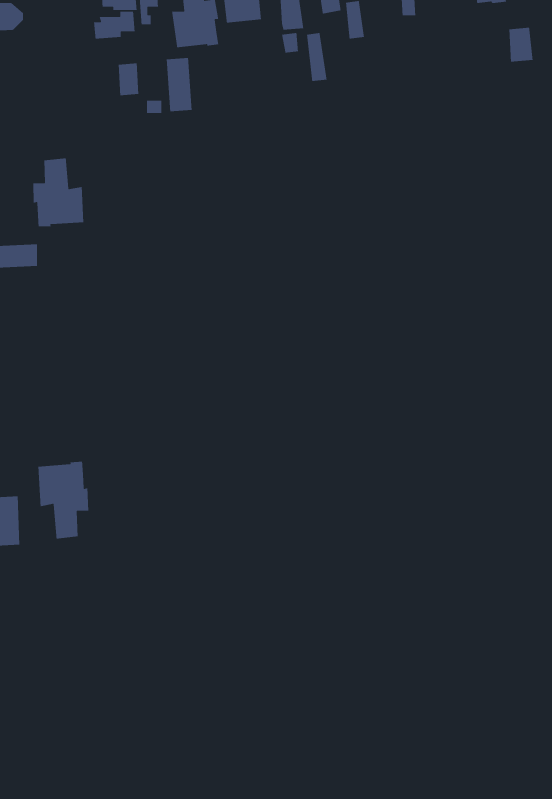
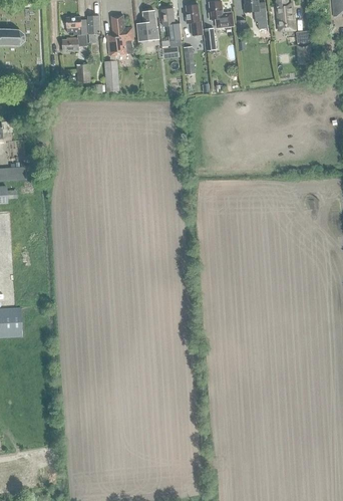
building: [32,157,84,227] -> none
building: [37,461,89,539] -> none

